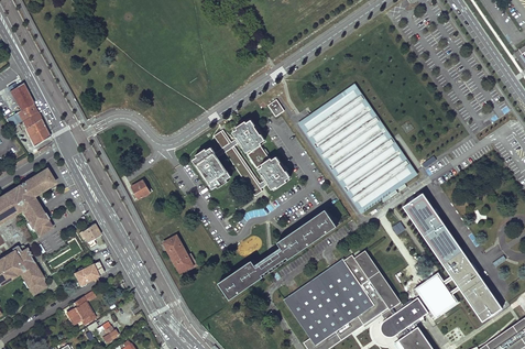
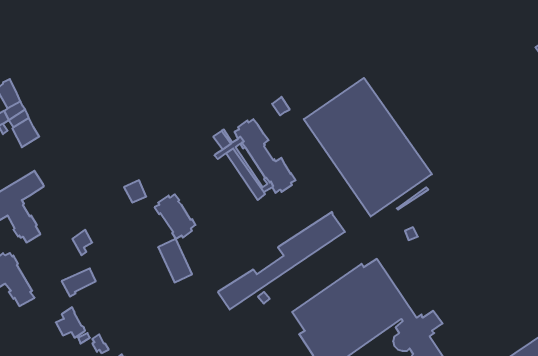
building: [192,148,230,189] -> [155,194,196,239]
building: [403,192,501,319] -> none

